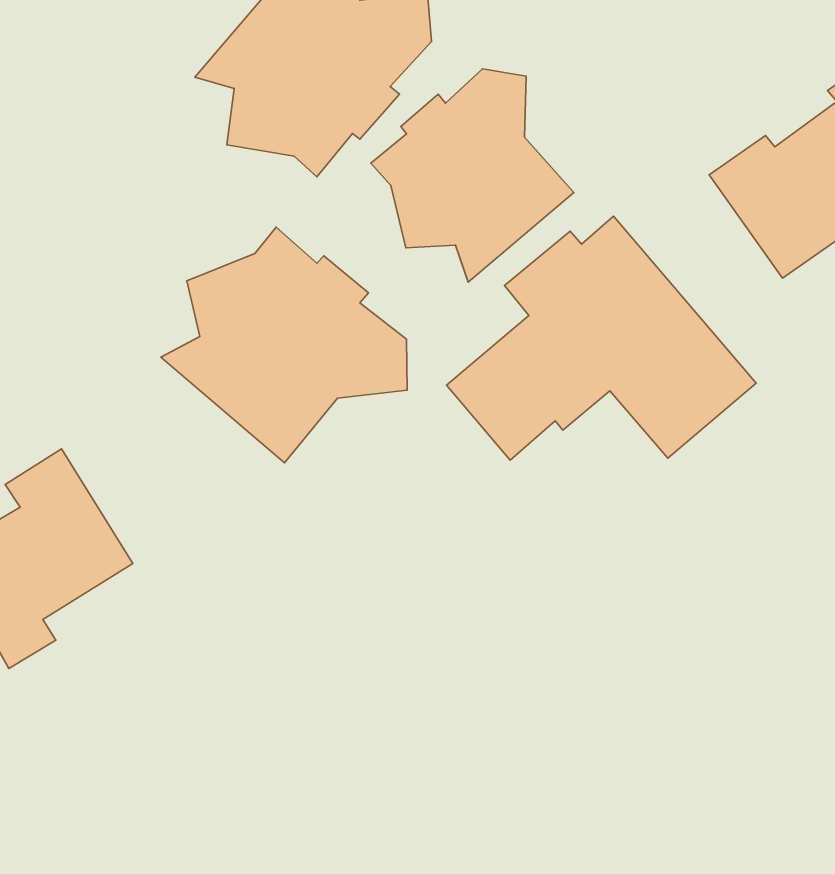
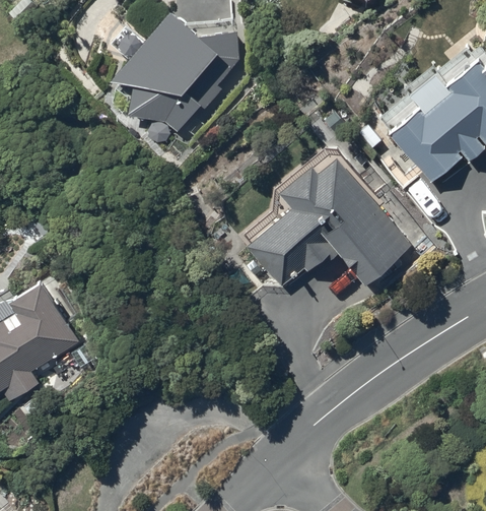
building: [371,69,574,282] -> none
building: [161,227,407,463] -> none

